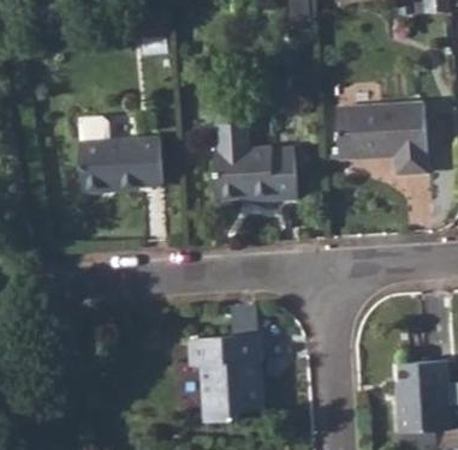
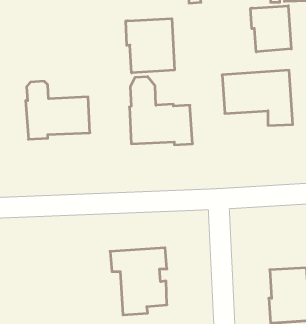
building: none -> [251,6,291,52]
building: none -> [126,19,174,73]

